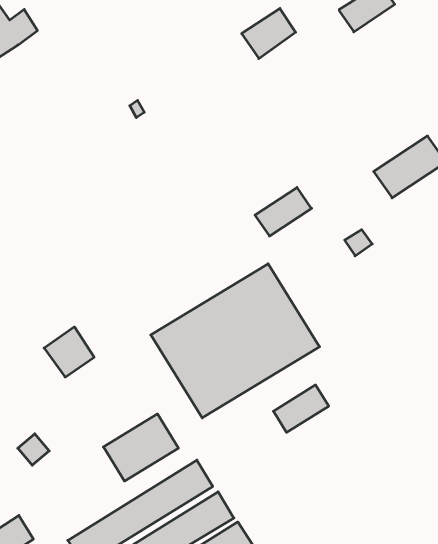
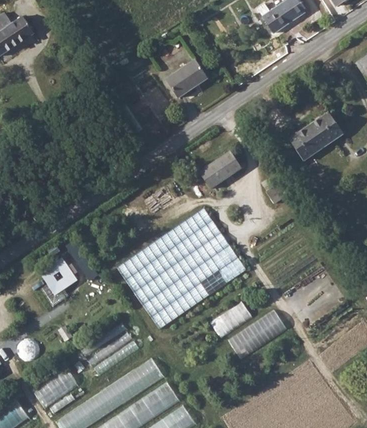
building: [242,8,296,59] -> [164,60,205,98]
building: none -> [228,310,288,358]
building: none -> [33,368,78,408]

